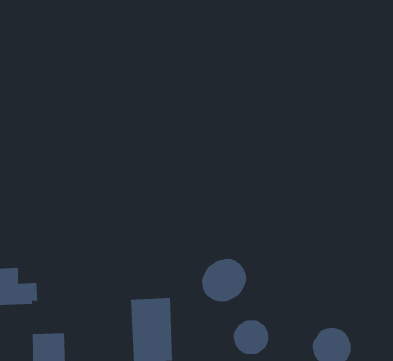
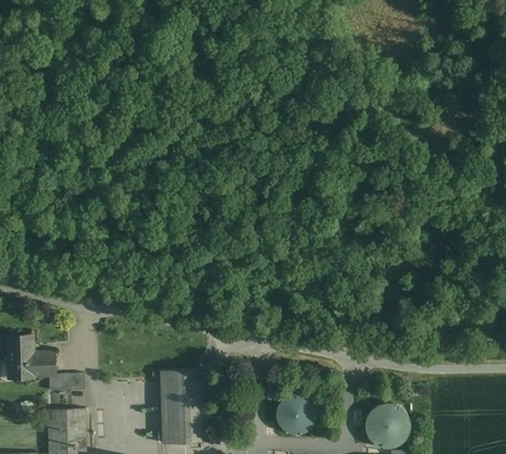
building: [201,258,247,302] -> none
building: none -> [48,374,84,391]

